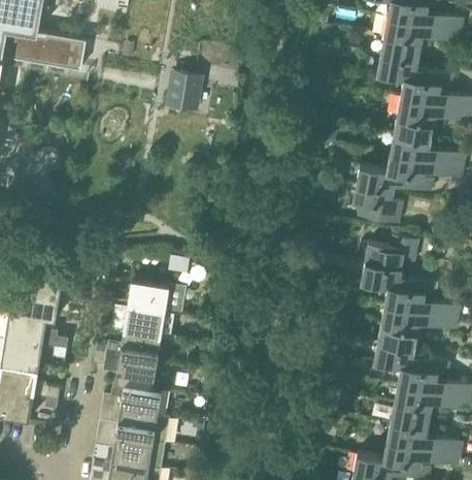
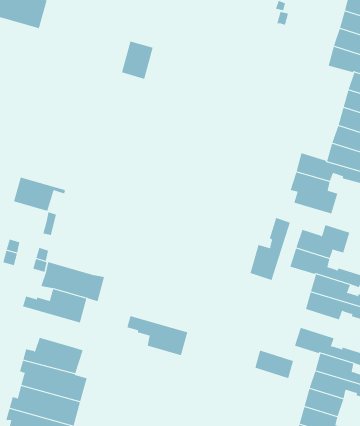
building: none -> [250,217,290,281]
building: [128,281,179,313] -> [13,177,66,211]
building: [378,324,417,350] -> [254,350,294,379]
building: [93,353,156,388] -> [126,316,188,356]

